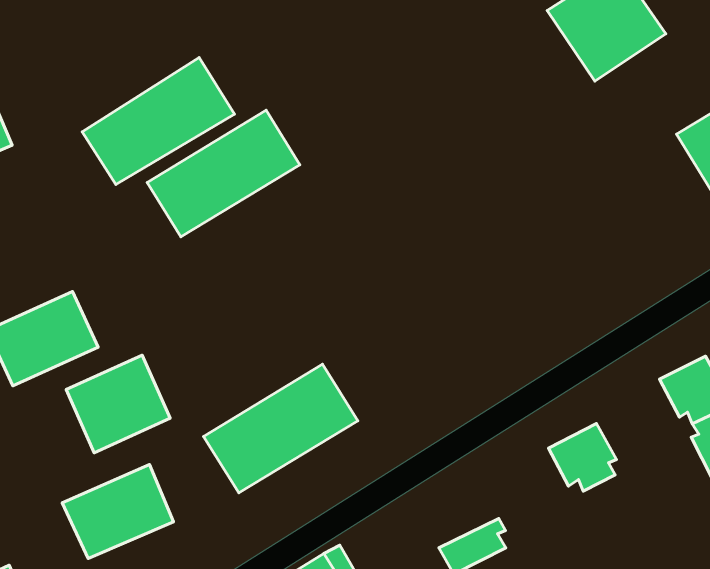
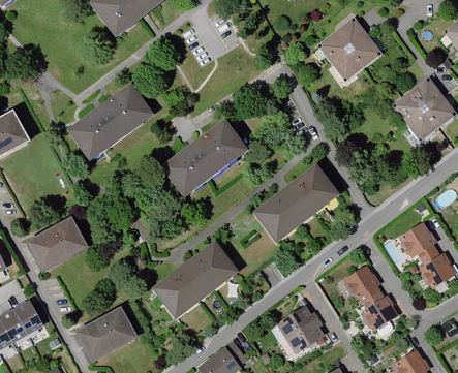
building: [147,110,300,237] -> [169,120,250,192]
building: none -> [254,167,337,241]
building: [66,355,170,453] -> none
building: none -> [360,290,397,330]
building: none -> [276,306,316,338]

